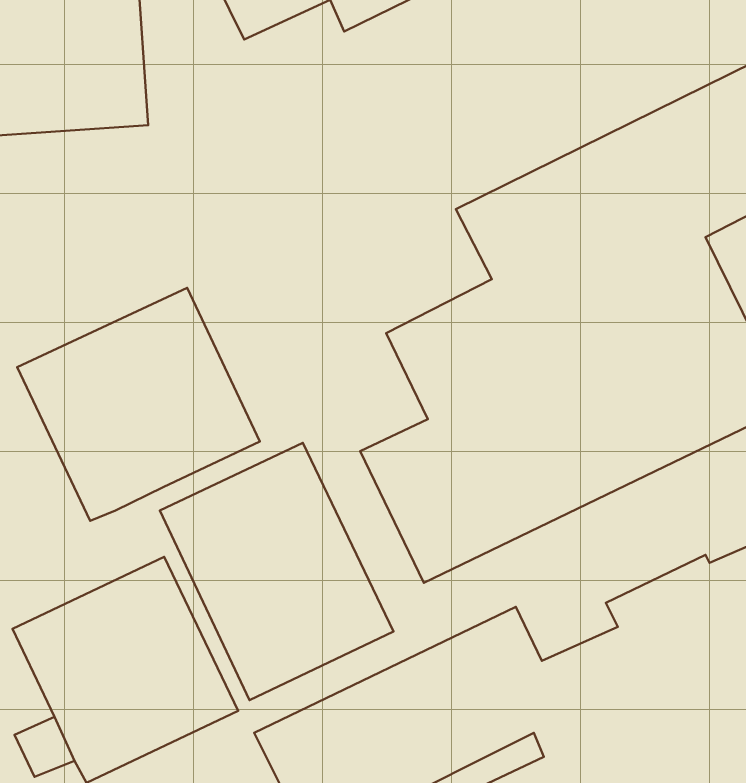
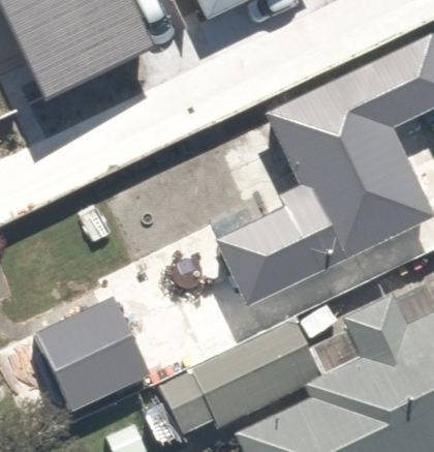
building: [17,288,260,521] -> none
building: [160,443,394,700] -> none

